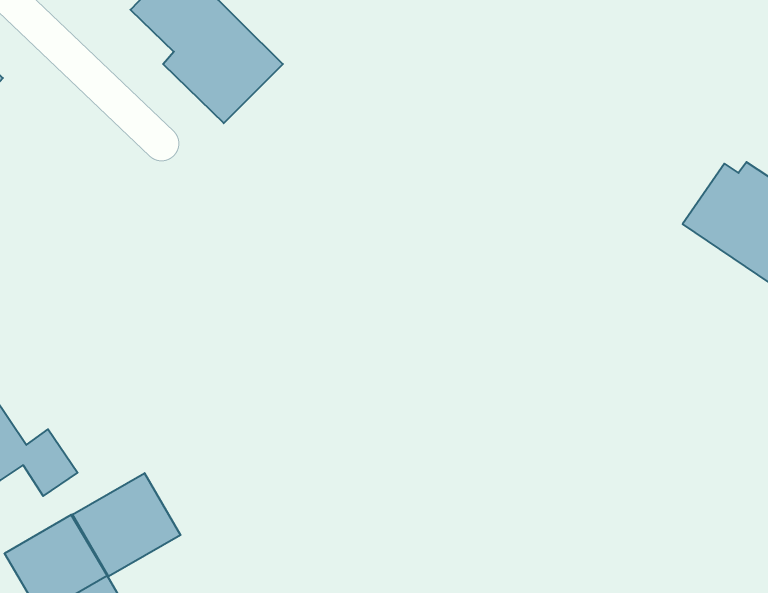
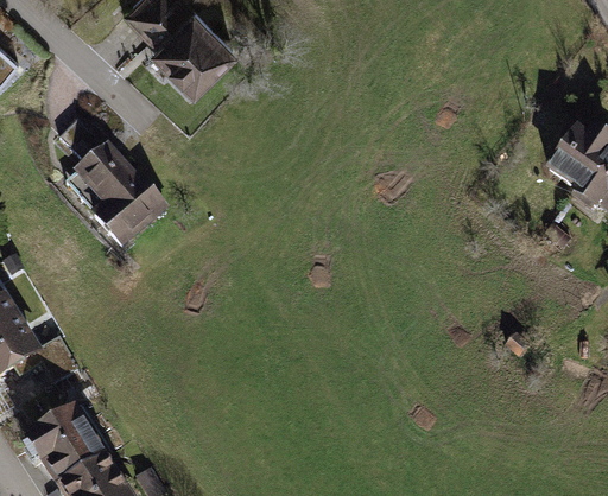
building: none -> [58,117,167,247]
building: [72,473,181,577] -> none

